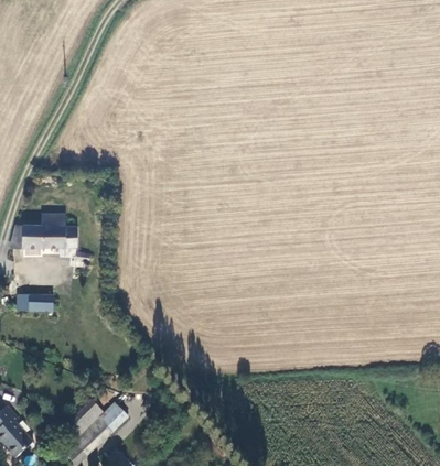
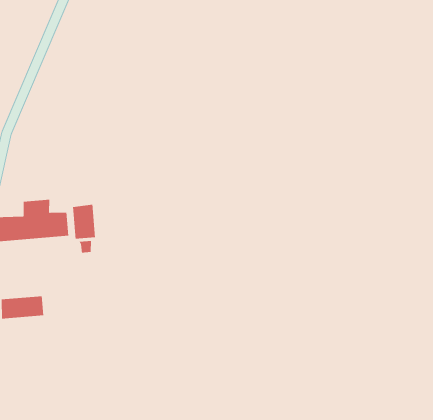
building: none -> [73,204,96,239]

